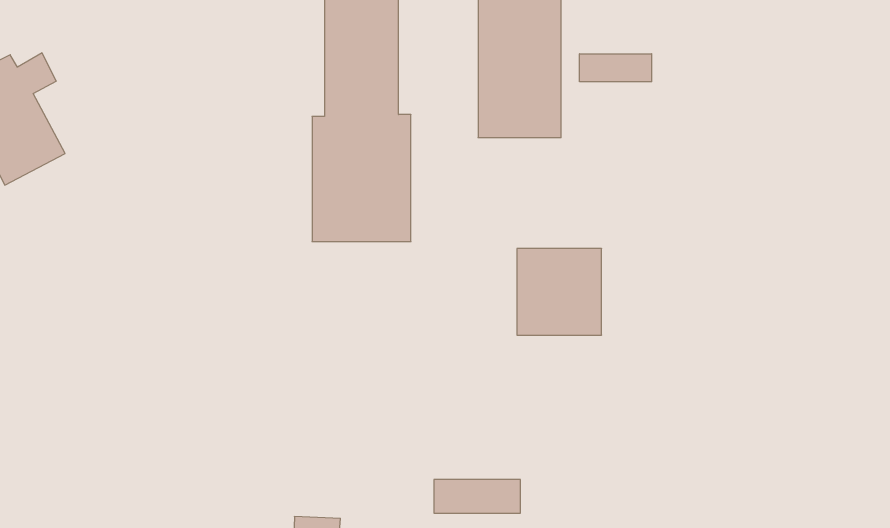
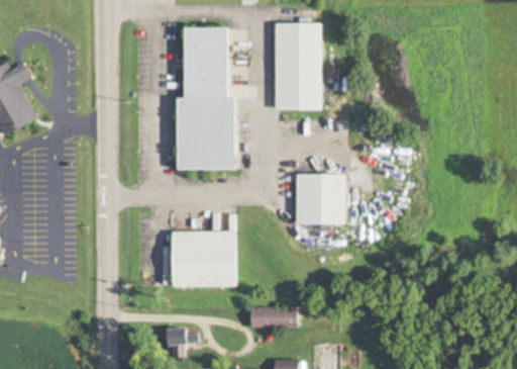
building: [580,54,652,82] -> none
building: none -> [172,229,237,287]

